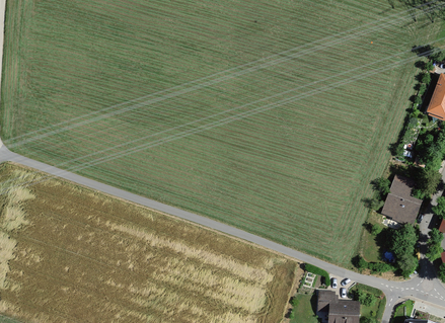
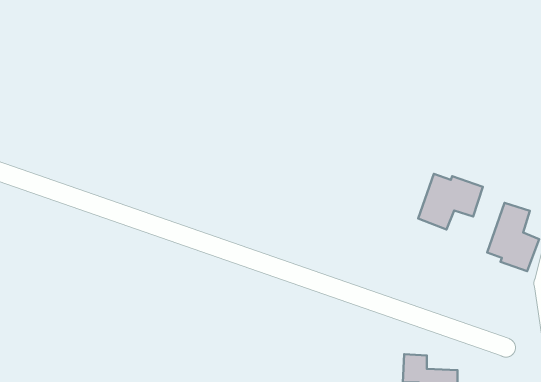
building: none -> [418,174,483,229]

